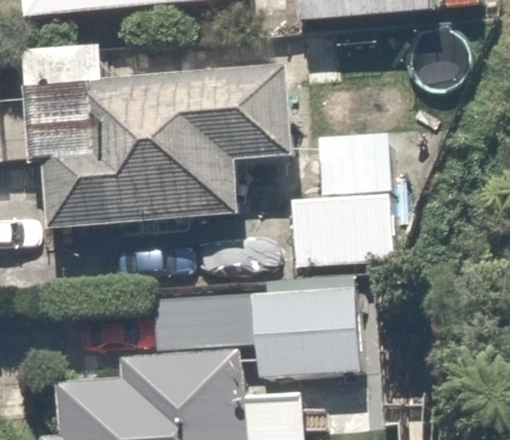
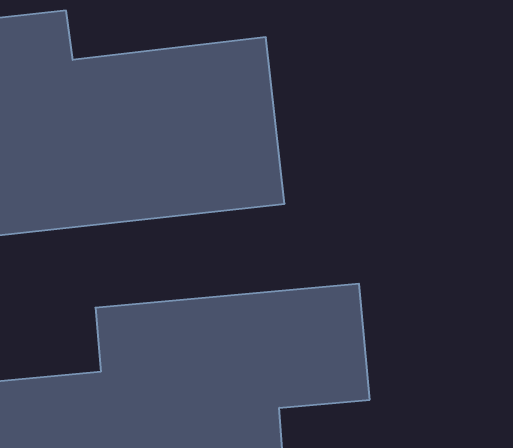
building: [295,131,425,271] -> none

